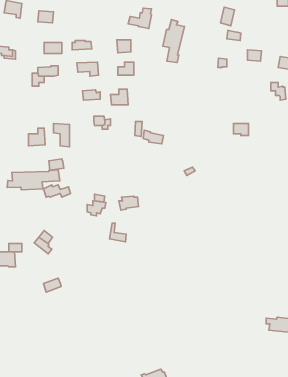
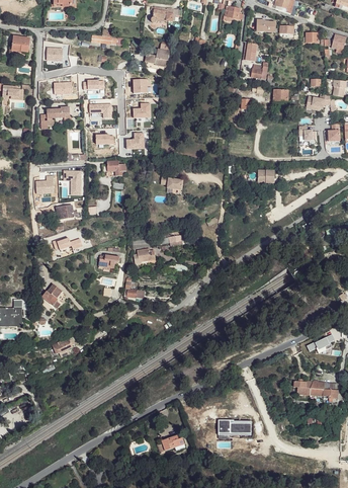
building: [163,19,184,63] -> none
building: [7,170,60,190] -> none
building: none -> [218,419,252,433]

